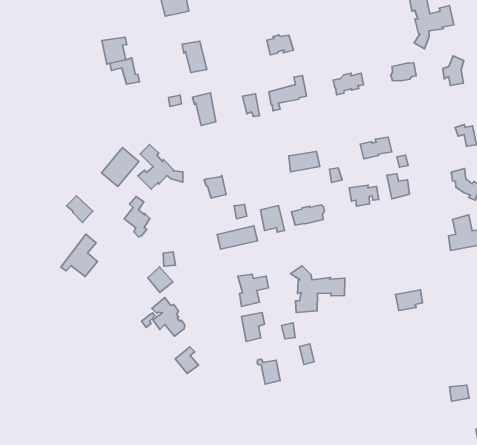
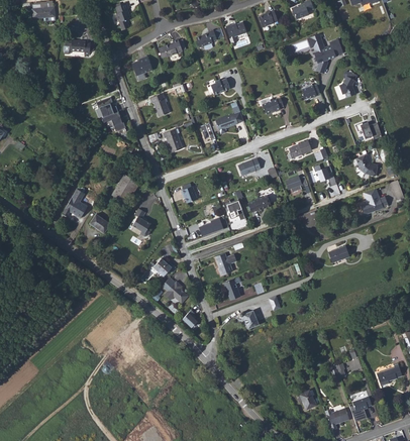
building: [138,145,183,189] -> none
building: [61,234,97,277] -> [61,189,86,219]
building: [291,266,345,312] -> none

